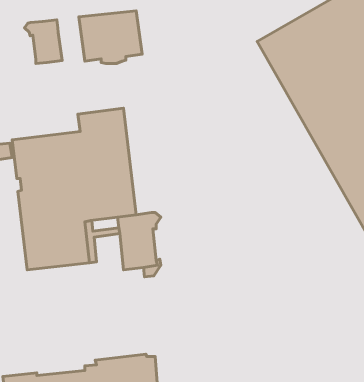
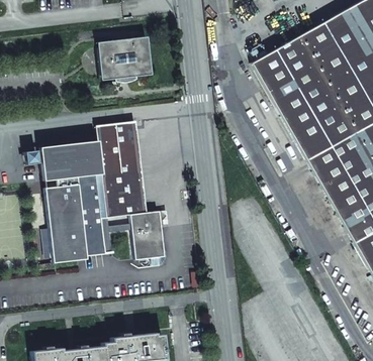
building: [24,20,62,63] -> none

